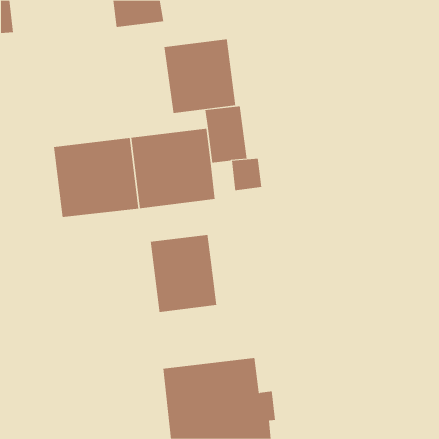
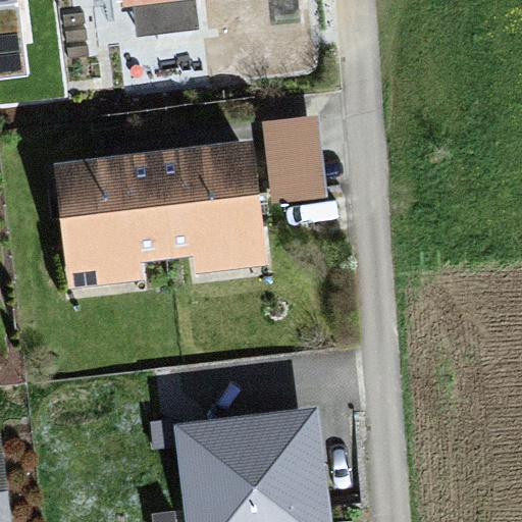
building: [164,38,236,114] -> none
building: [150,234,217,313] -> none

